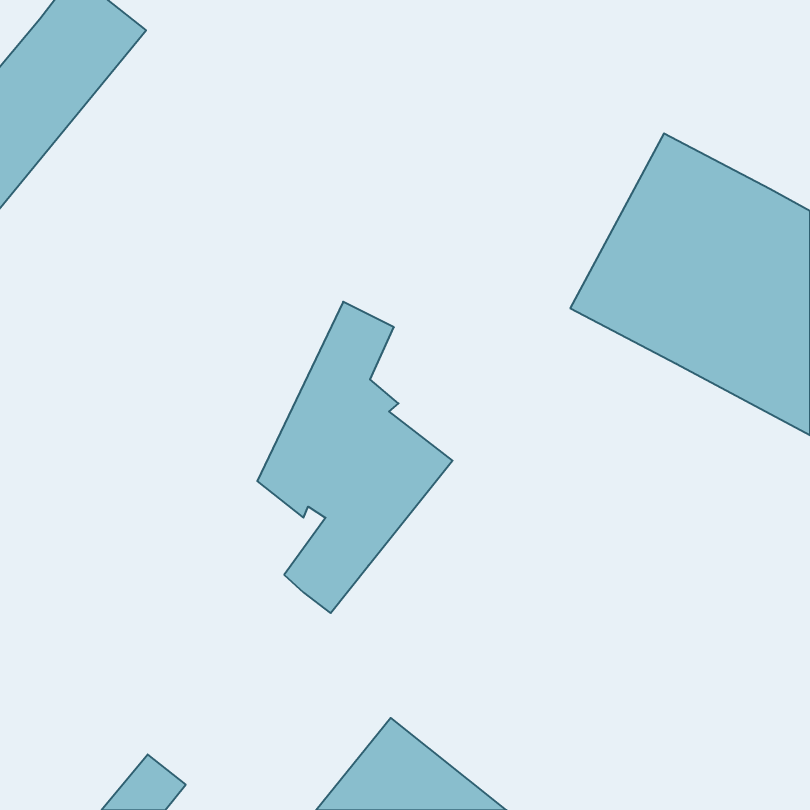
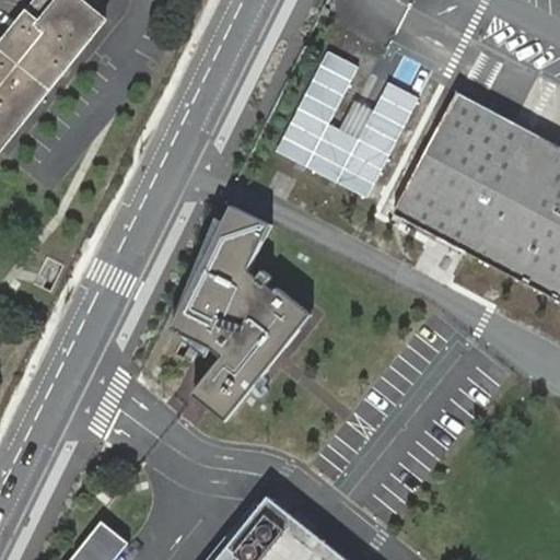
building: none -> [278,47,420,196]

